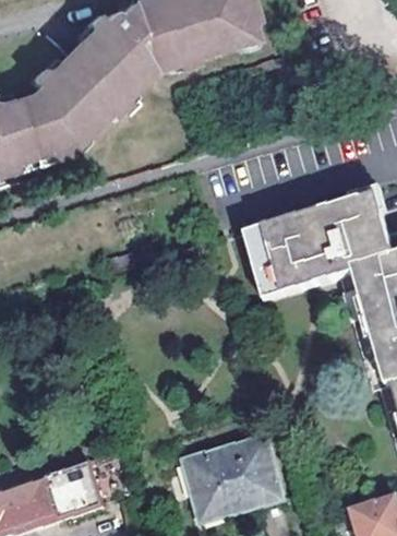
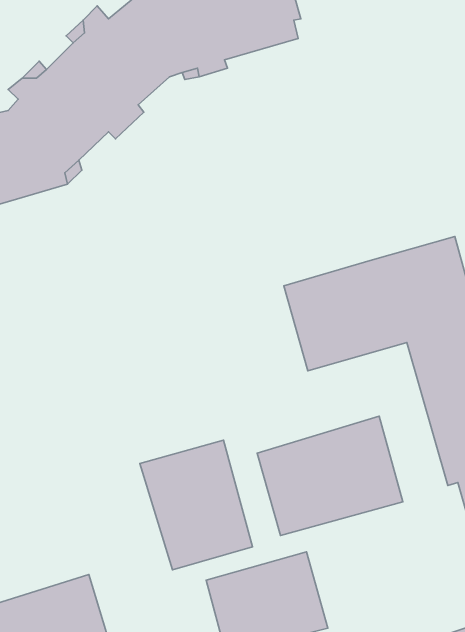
building: none -> [257,416,403,535]
building: none -> [140,440,253,570]

